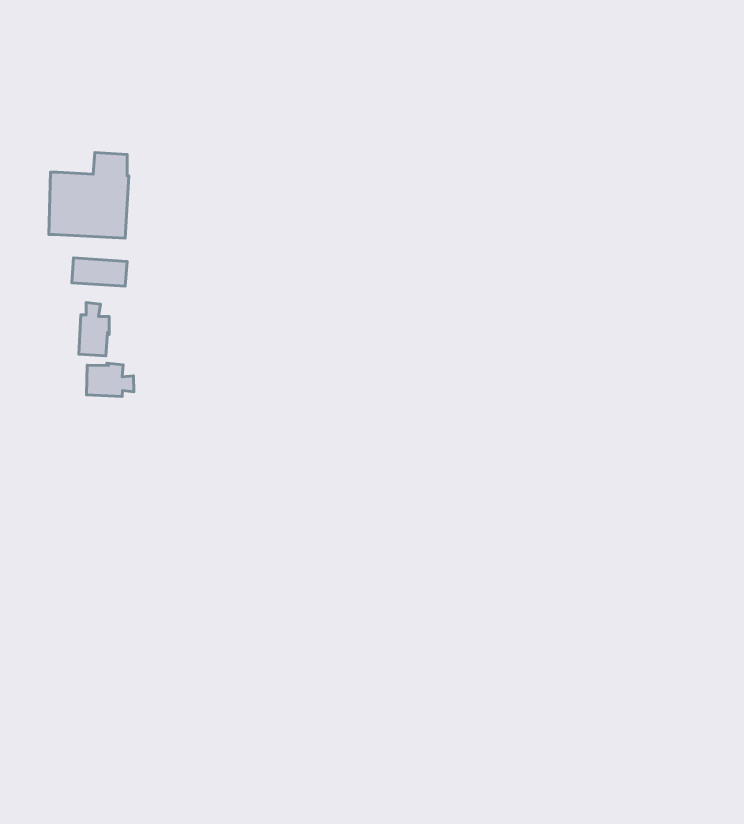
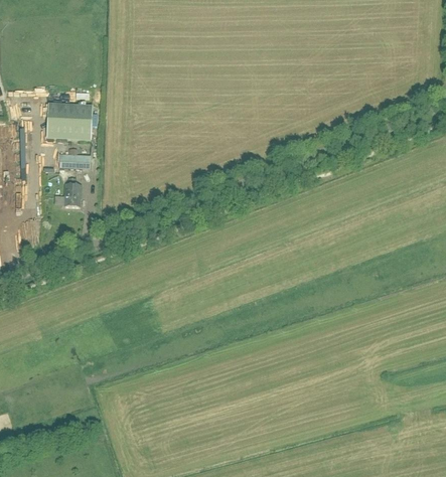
building: [86,363,134,397] -> none

